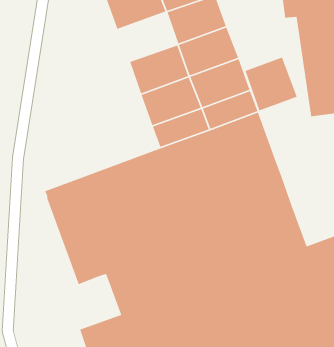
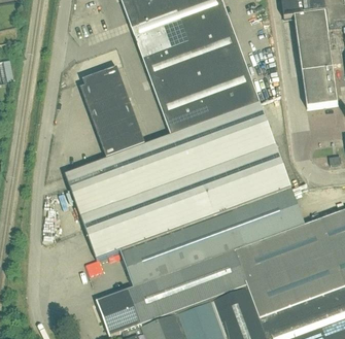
building: none -> [131,11,186,57]
building: [244,57,298,112] -> none
building: none -> [80,66,144,156]

